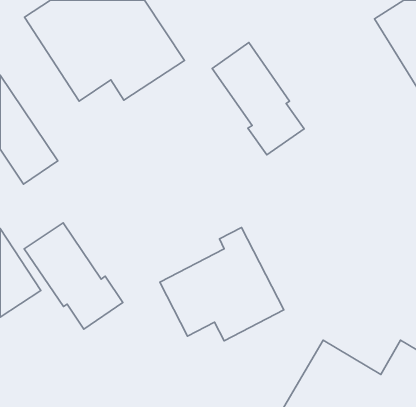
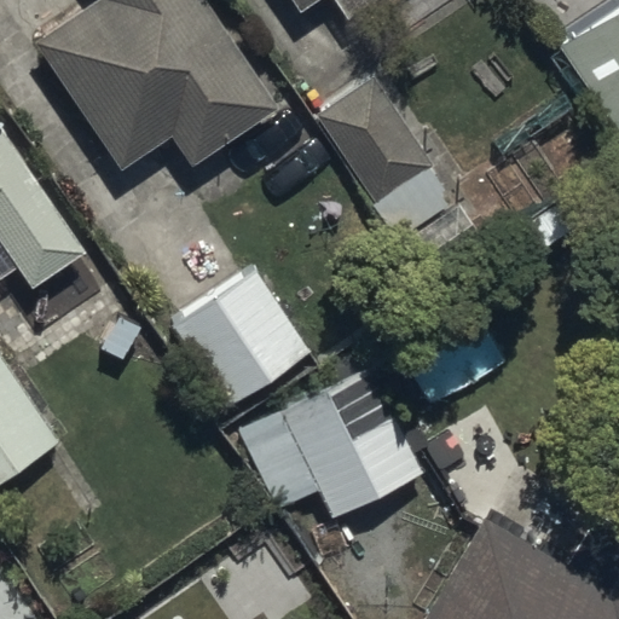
building: none -> [169,270,308,410]
building: [24,223,123,329] -> none

